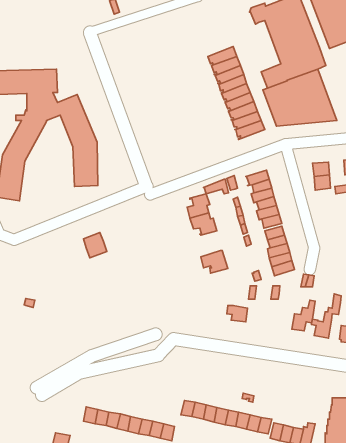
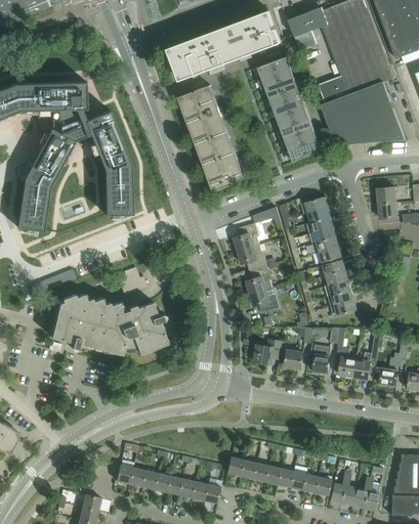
building: none -> [167,10,281,81]
building: none -> [288,16,317,50]
building: none -> [177,85,245,191]
building: none -> [245,267,271,295]
building: none -> [51,294,167,354]
building: none -> [253,340,282,364]
building: none -> [312,344,330,375]
building: none -> [334,345,355,377]

